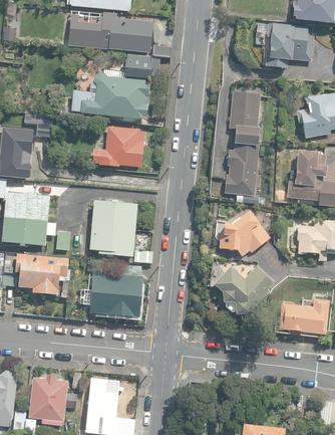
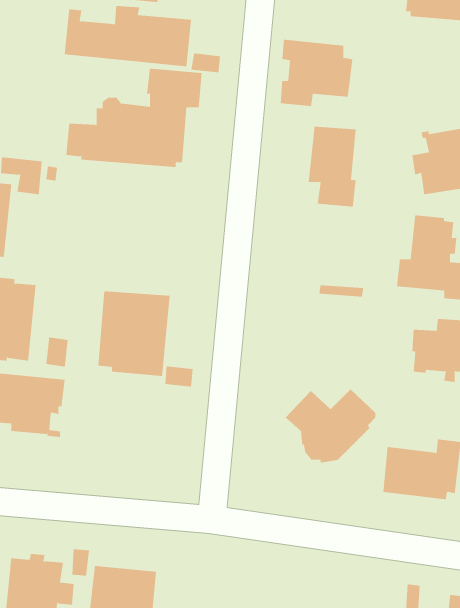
building: [266,23,314,67] -> [280,39,353,106]
building: [92,125,144,166] -> none
building: [225,143,259,195] -> none
building: [220,209,271,256] -> none
building: [90,264,143,316] -> none

